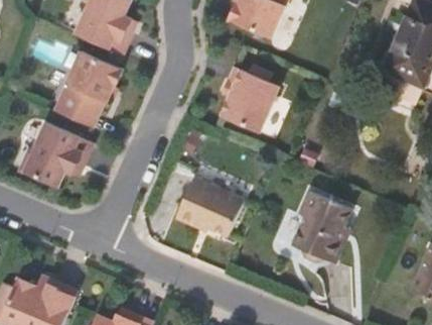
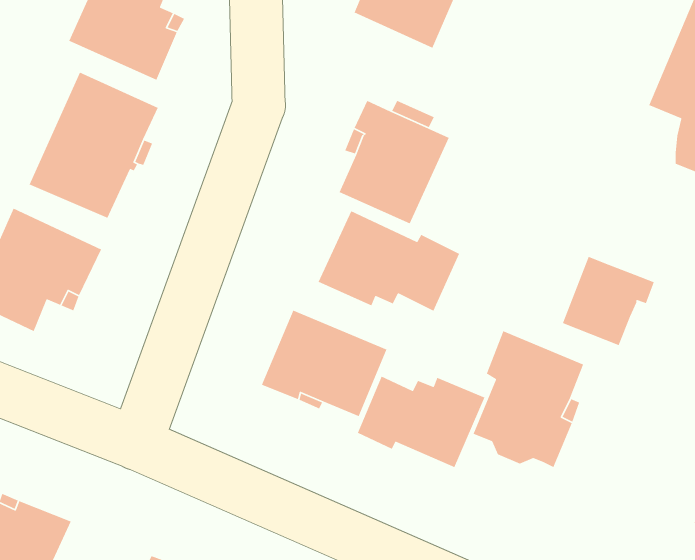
building: none -> [318,210,460,312]
building: none -> [562,256,655,346]
building: none -> [357,375,485,468]

